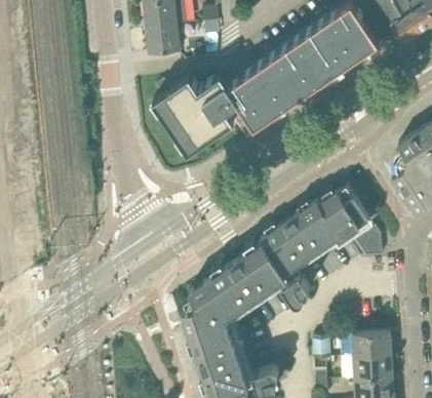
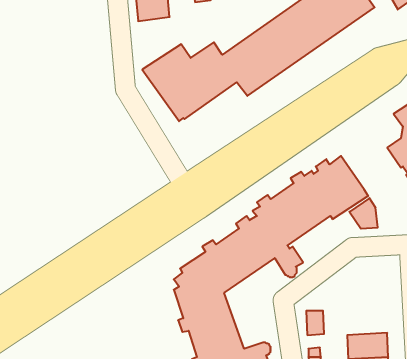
building: [352,332,392,360] -> none

